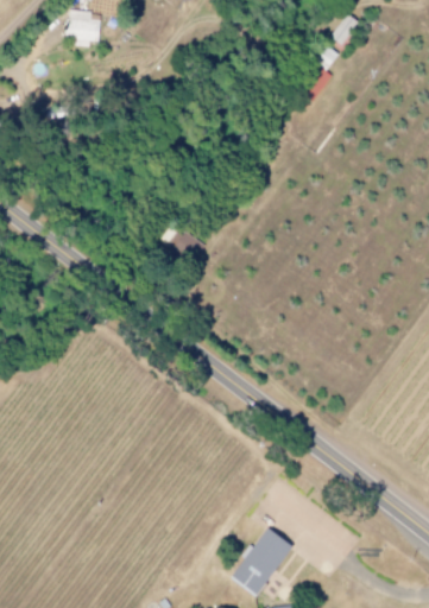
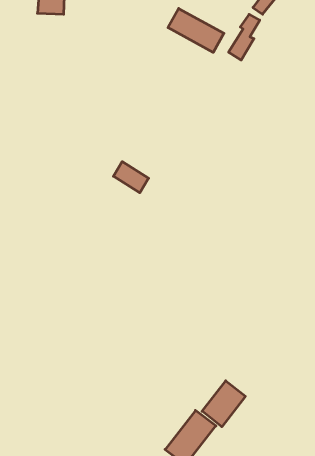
building: none -> [168,8,224,52]
building: none -> [202,381,245,427]

